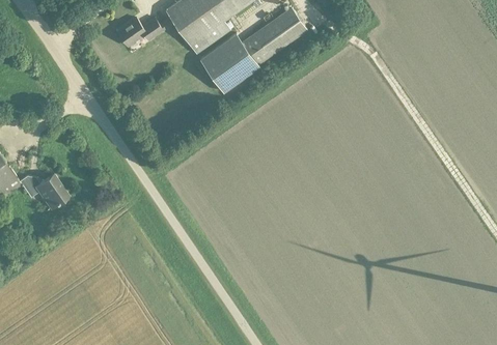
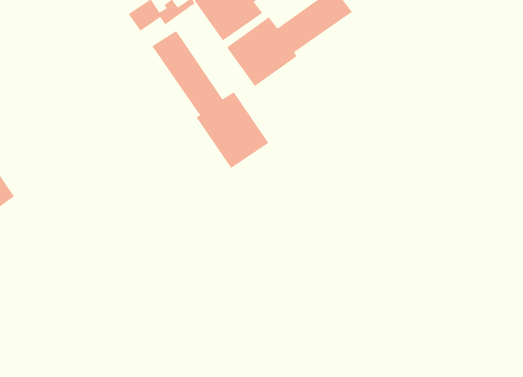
building: none -> [152,30,269,169]
building: [19,173,68,207] -> none

